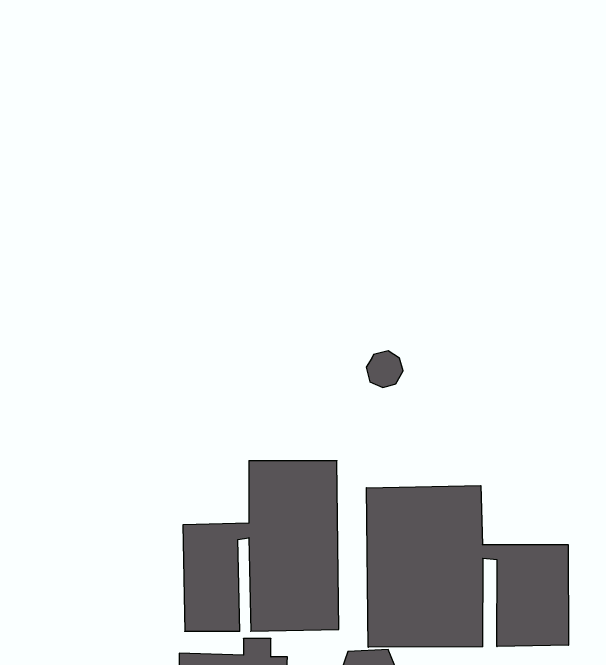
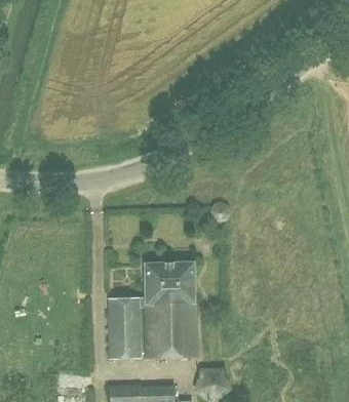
building: [366,486,568,647] -> none

